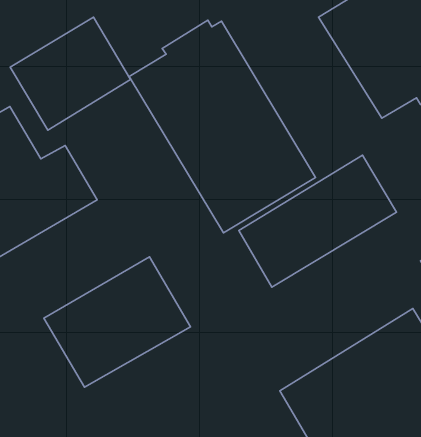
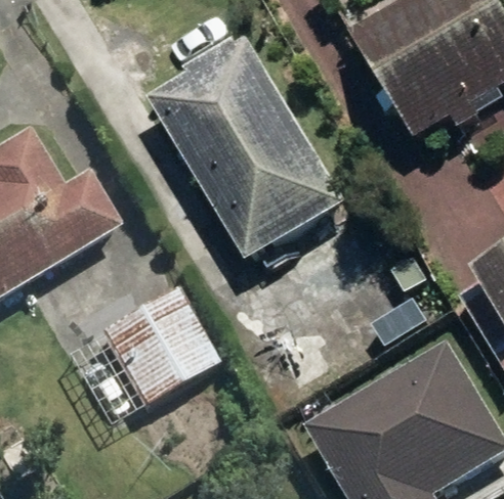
building: [10,17,130,130] -> none
building: [239,155,396,287] -> none

